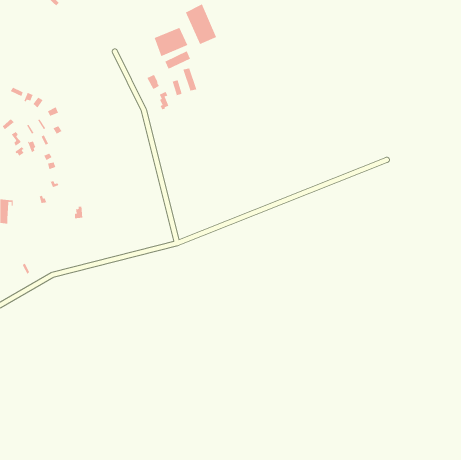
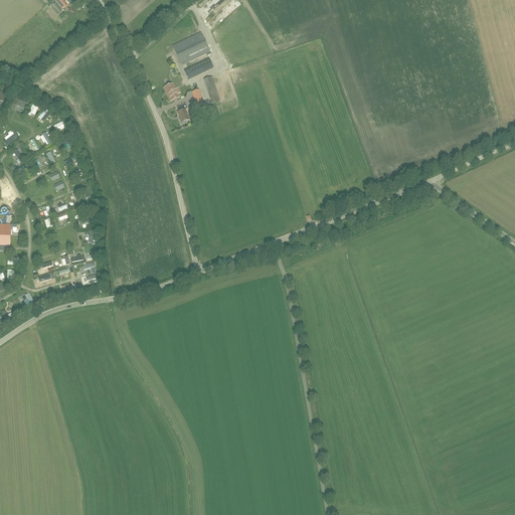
building: [185,4,217,45] -> none

